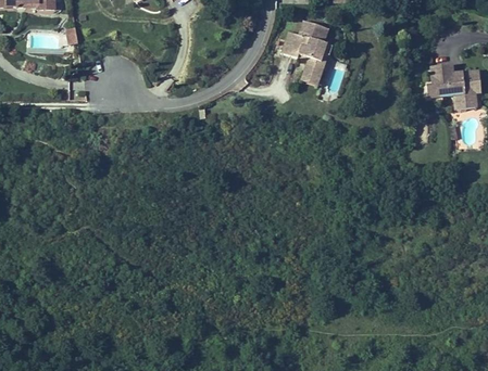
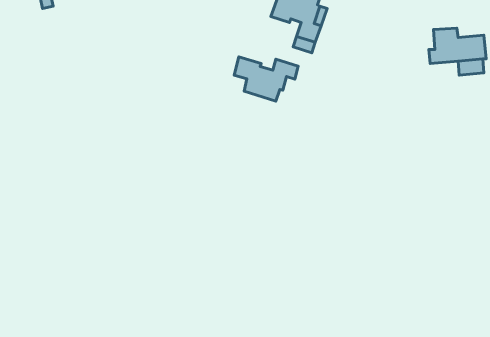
building: none -> [234,57,298,101]

